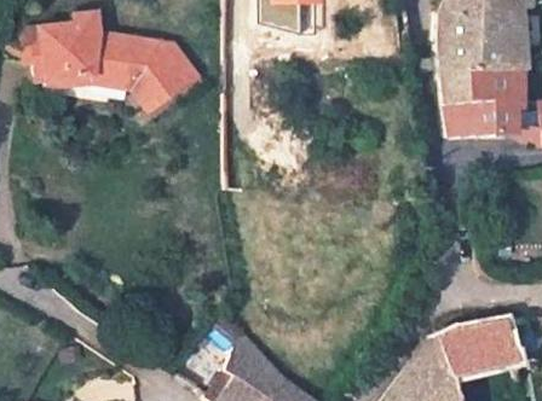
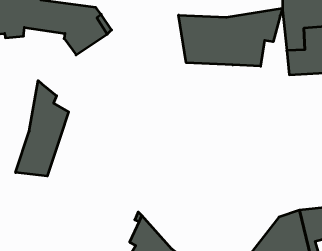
building: none -> [179,8,282,66]
building: none -> [16,81,69,176]

